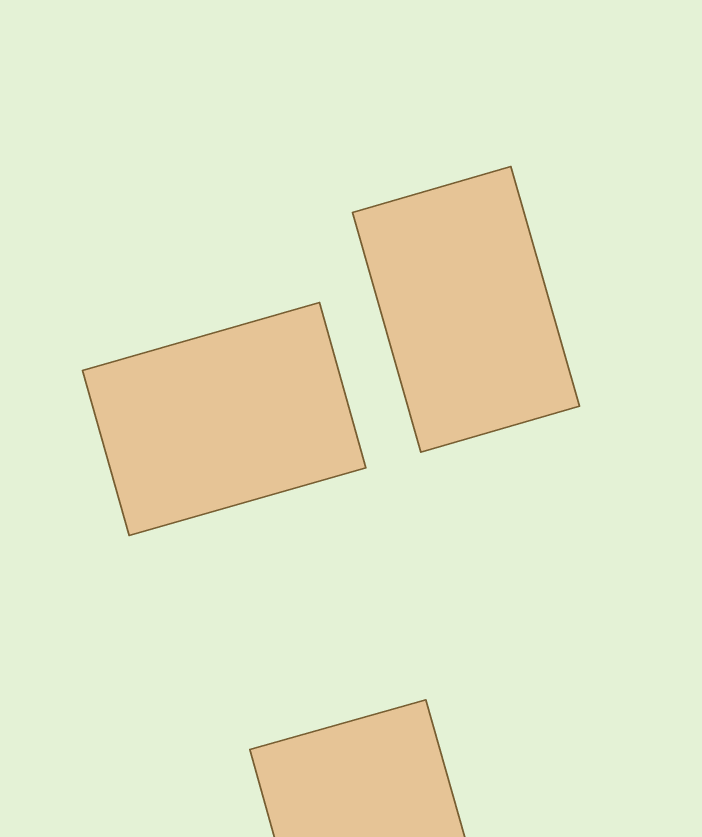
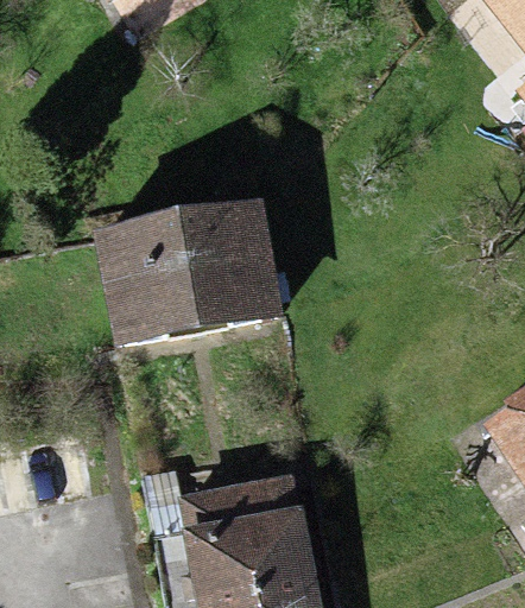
building: [352,166,579,452] -> none

